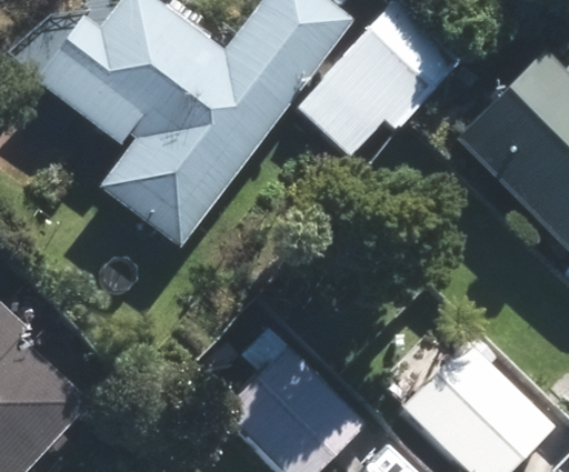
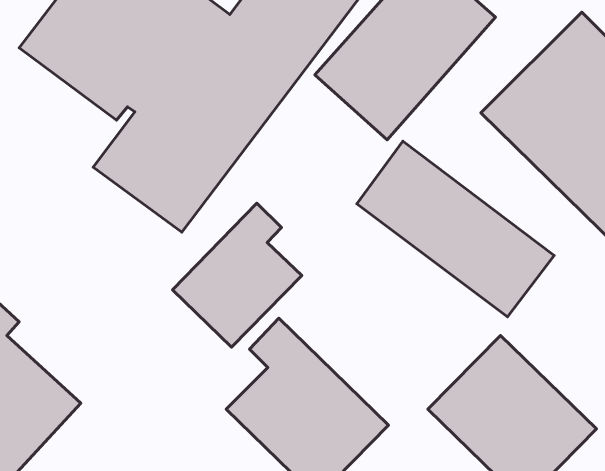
building: none -> [357,141,554,317]
building: none -> [172,203,302,347]

